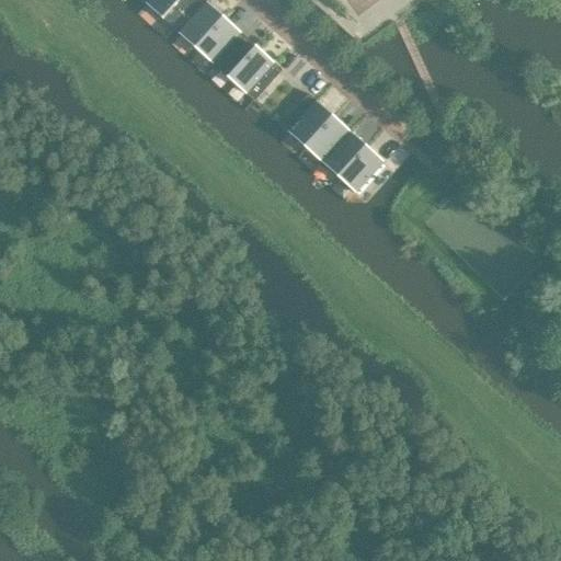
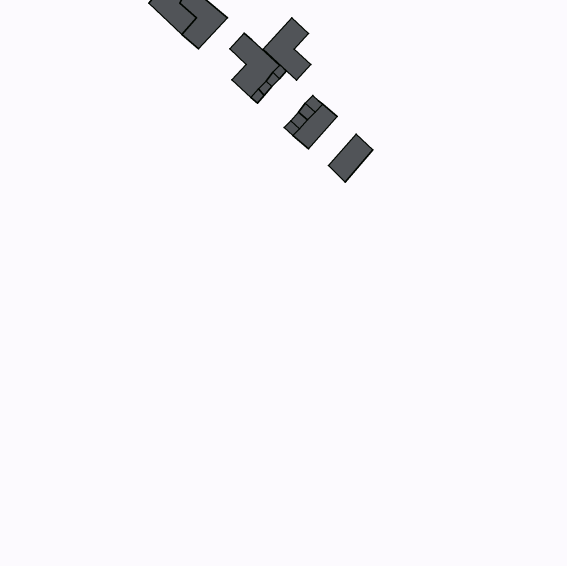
building: [196,18,243,79] -> [263,18,311,80]
building: [305,115,352,163] -> none
building: [341,148,383,192] -> none

